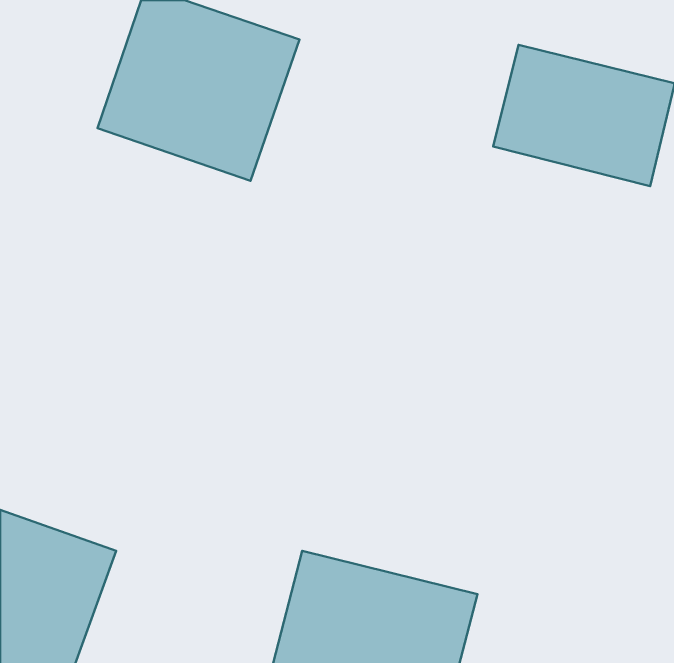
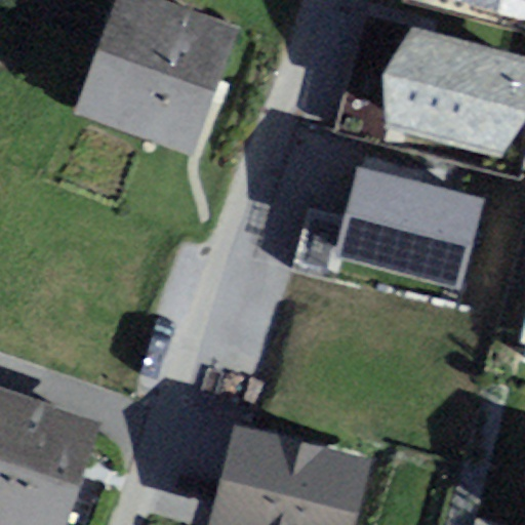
building: none -> [304,137,492,287]

